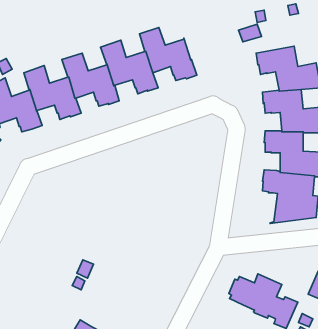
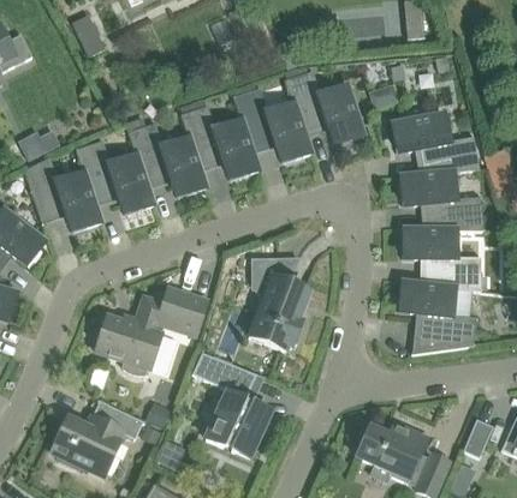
building: none -> [285,70,364,143]
building: none -> [249,258,309,350]
building: none -> [95,288,207,374]
building: none -> [191,352,271,458]
building: none -> [52,400,144,475]

